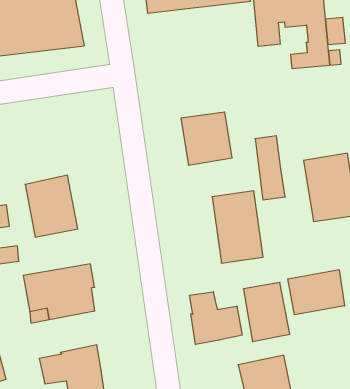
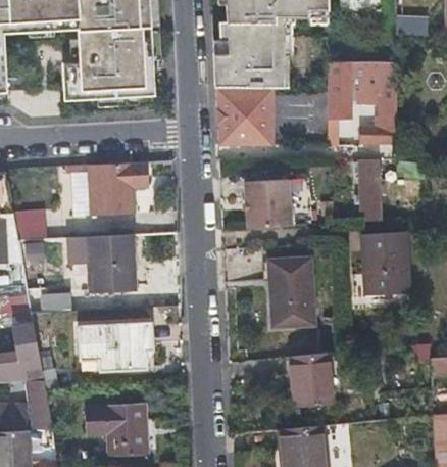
building: none -> [214,86,272,144]
building: none -> [84,160,144,211]
building: [255,136,285,200] -> [357,159,382,222]
building: [288,270,345,315] -> none
building: [190,292,242,345] -> none

